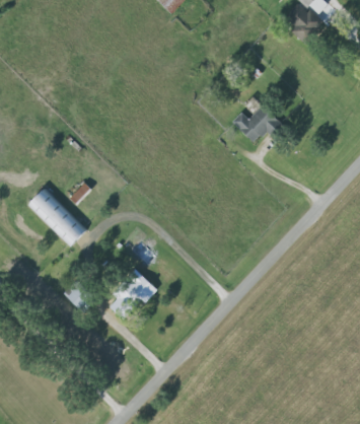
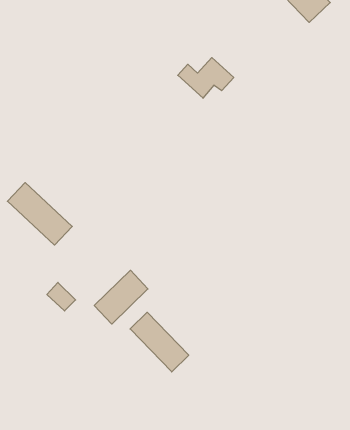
building: [232,103,284,141] -> [178,58,234,98]
building: none -> [130,312,189,372]

